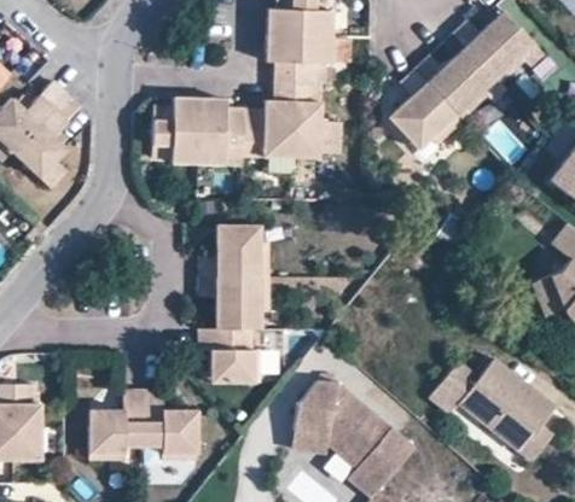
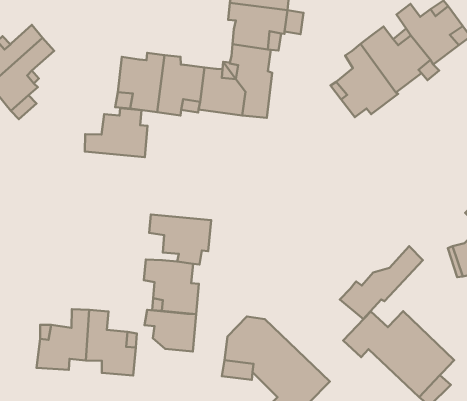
building: [201,226,269,278] -> [85,108,148,157]
building: none -> [340,246,423,319]
building: none -> [145,310,196,351]

